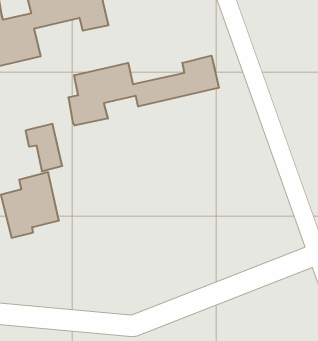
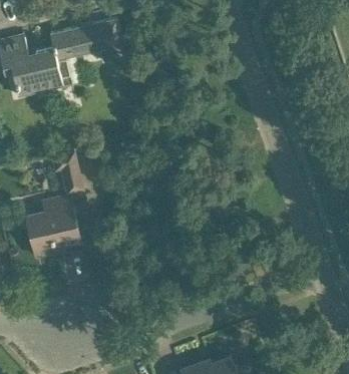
building: [68,56,219,126] -> none

